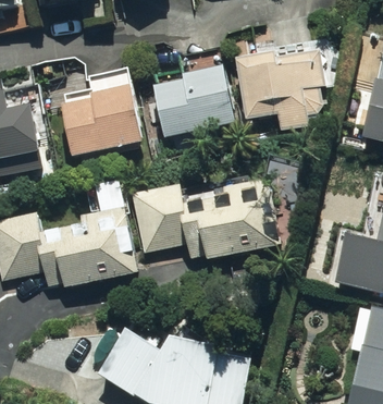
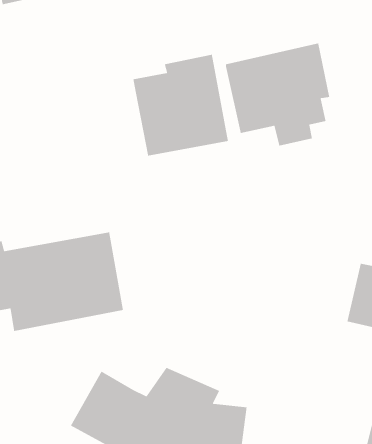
building: [60,65,150,159] -> none
building: [129,177,286,262] -> none

